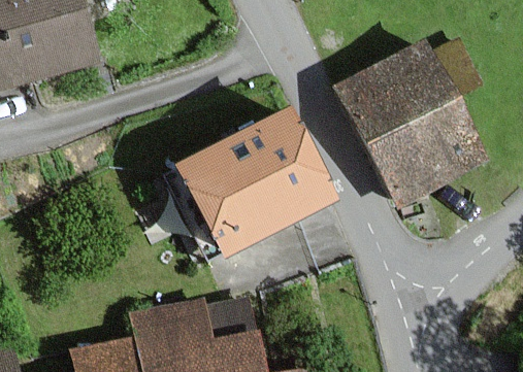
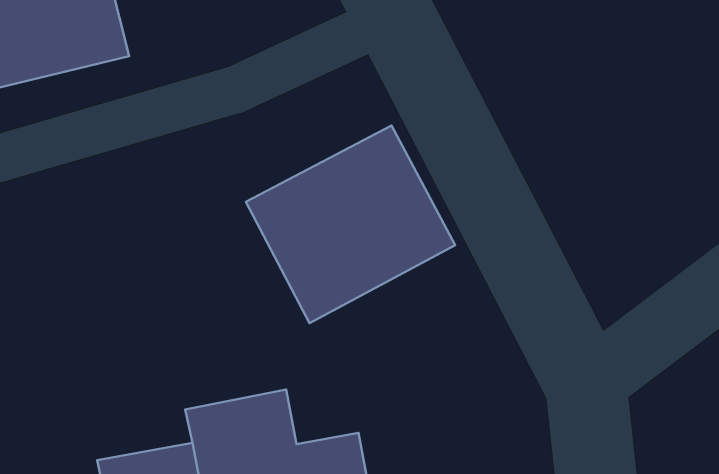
building: [349,45,480,197] -> none

